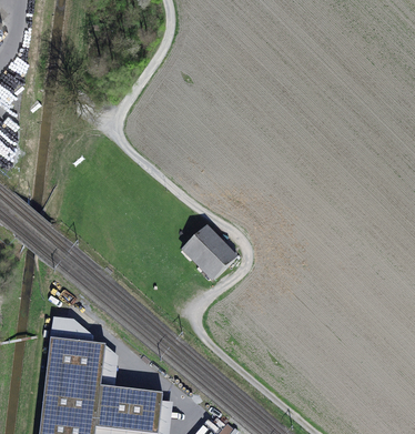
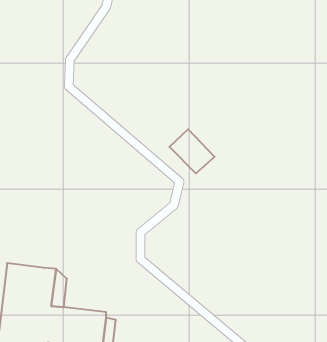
building: [183,229,234,279] -> [169,129,215,173]
building: [50,317,93,344] -> none

